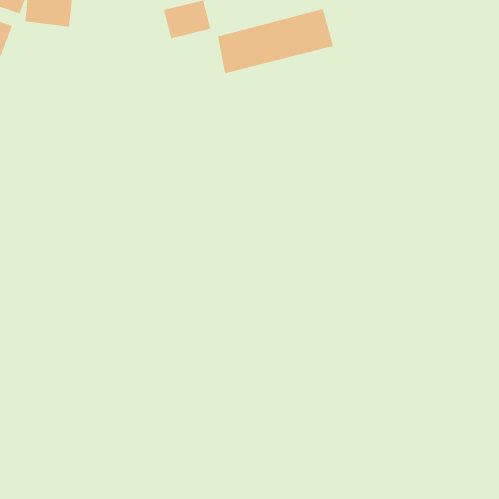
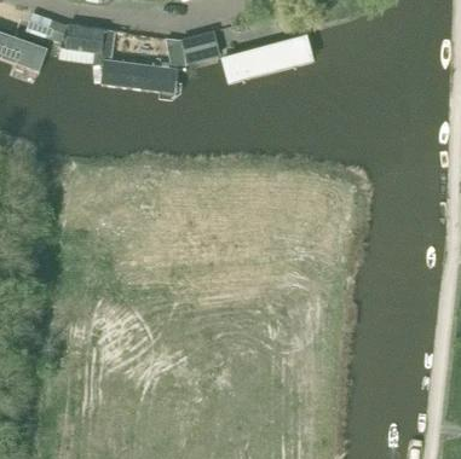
building: none -> [99,59,180,95]

